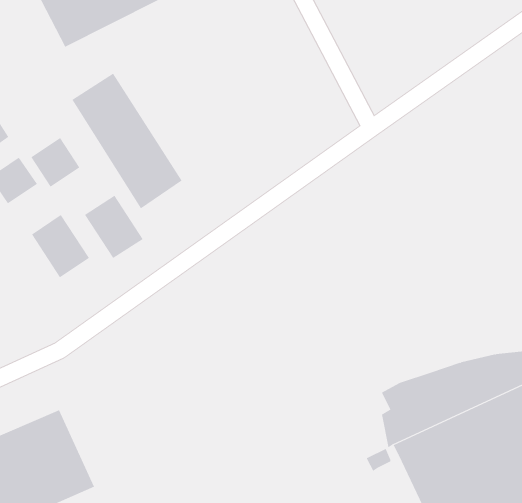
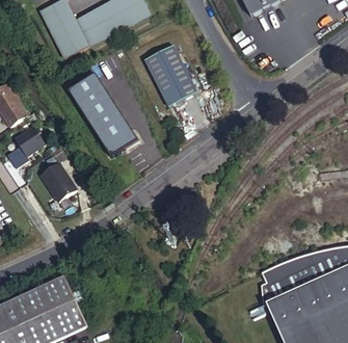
building: none -> [143,44,197,106]
building: [31,137,80,188] -> none
building: [84,195,144,259] -> none

